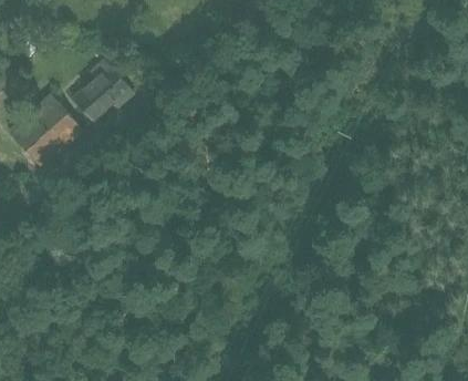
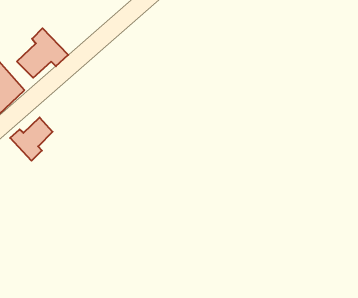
building: none -> [10,117,53,161]

